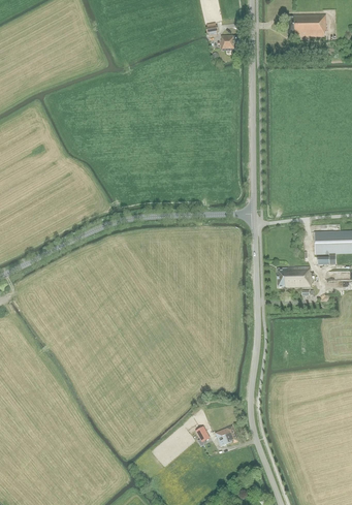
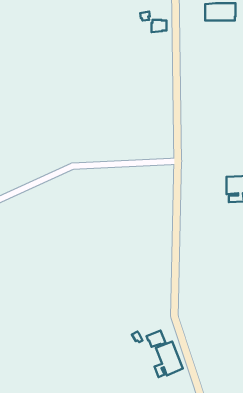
building: [277,265,311,287] -> none
building: none -> [154,342,183,377]

